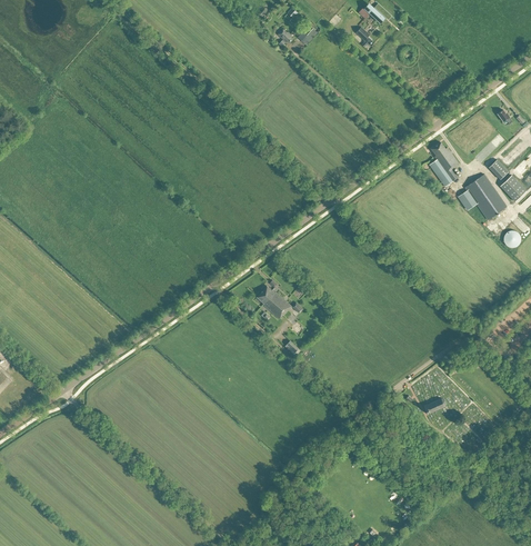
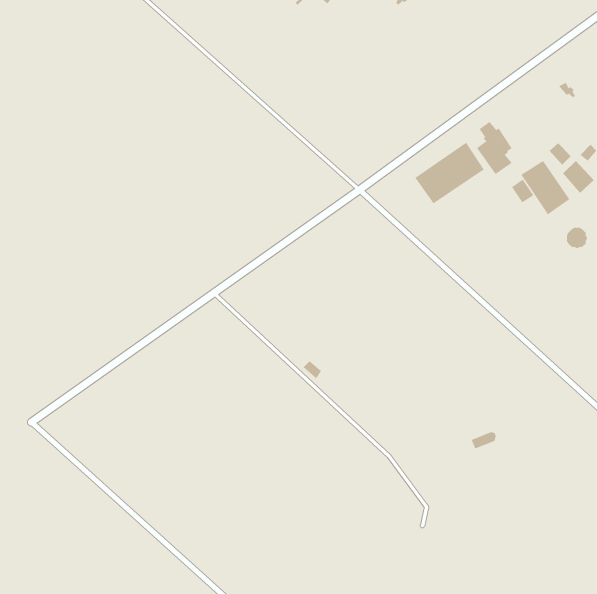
building: none -> [415,142,484,204]
building: [257,286,291,319] -> none

